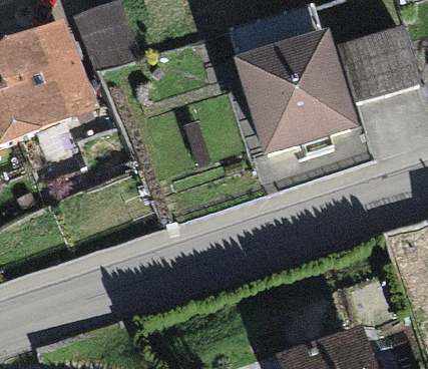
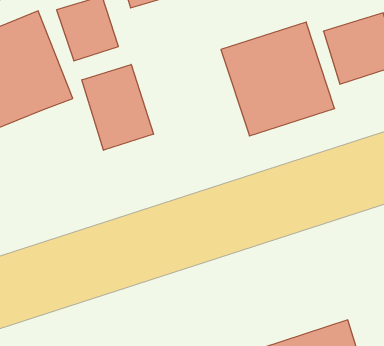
building: none -> [82,64,154,150]

